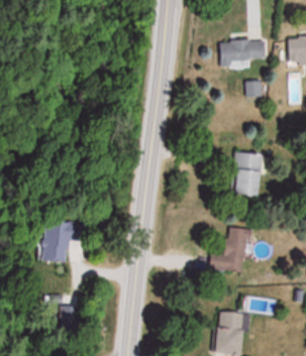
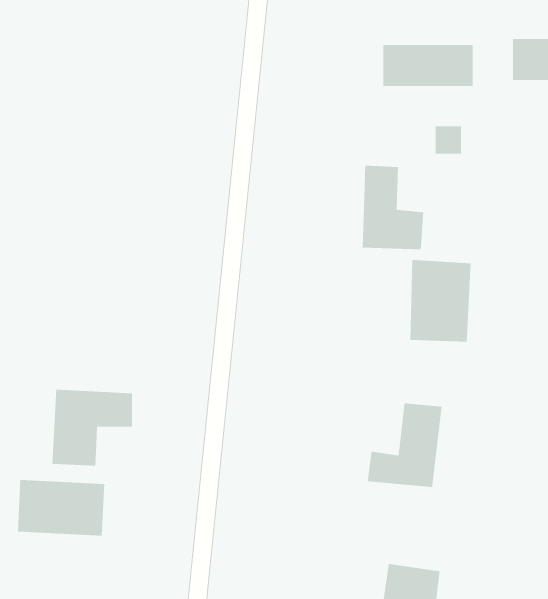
building: none -> [362,165,424,250]
building: none -> [17,479,105,536]

